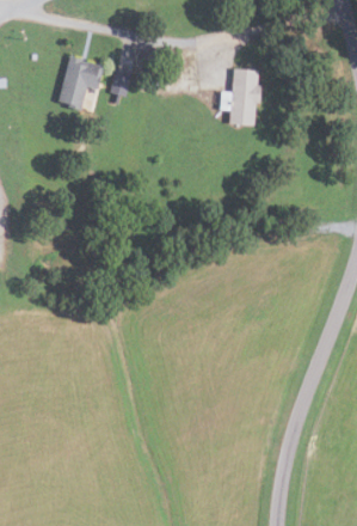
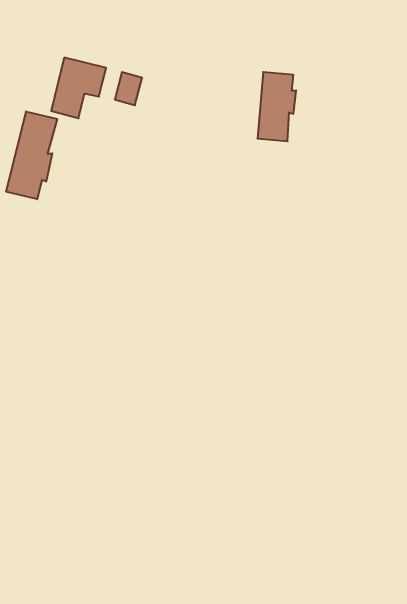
building: none -> [6,111,57,199]

